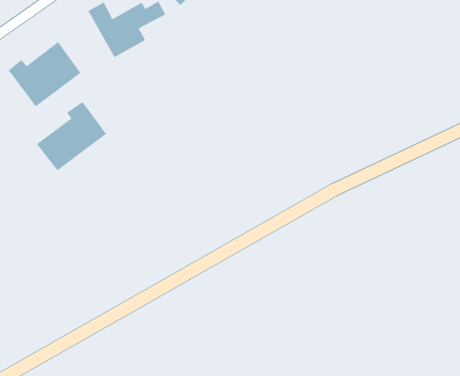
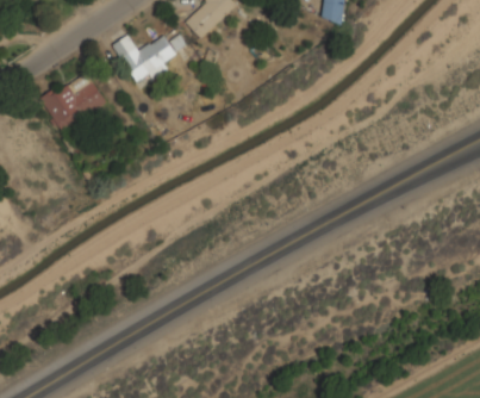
building: [36,101,107,171] -> none

